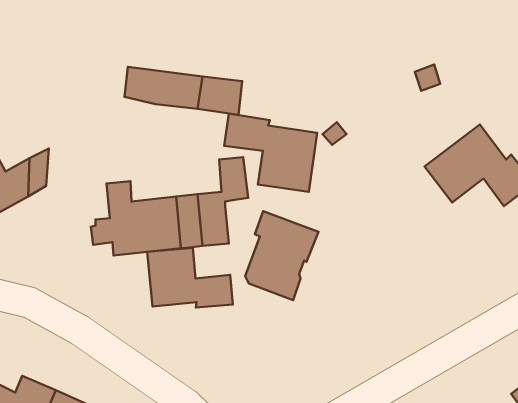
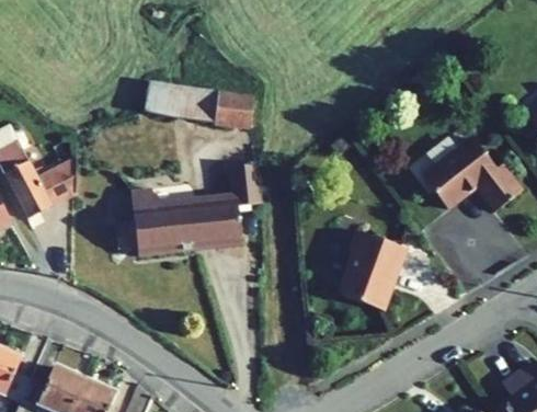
building: [224,114,317,192] -> none
building: [245,211,319,300] -> [341,229,408,310]
building: [147,248,233,308] -> none

